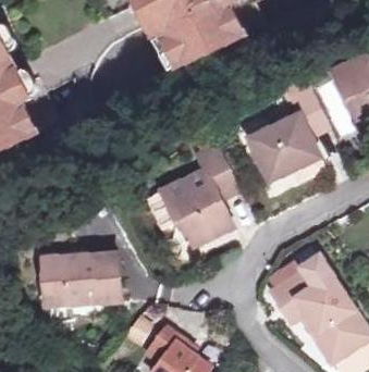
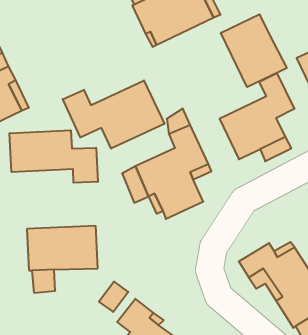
building: none -> [221,14,287,87]
building: none -> [63,80,164,149]
building: none -> [9,130,98,183]

